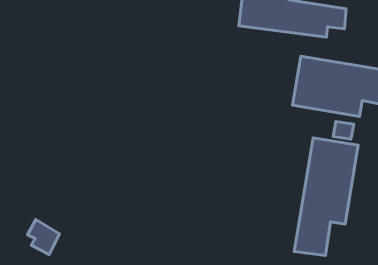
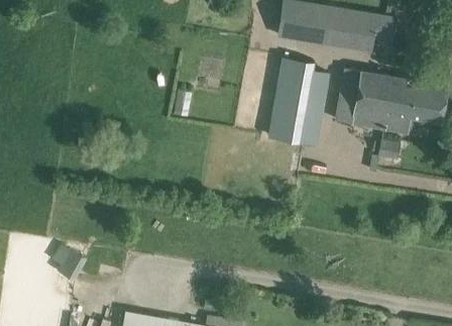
building: none -> [268,58,331,145]
building: [294,138,358,256] -> none

